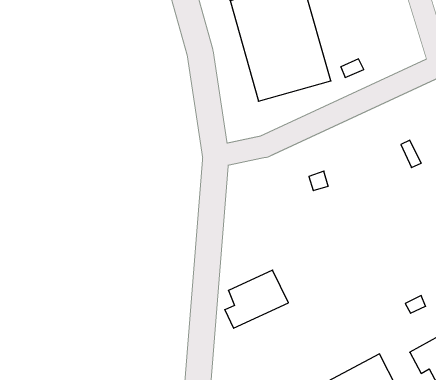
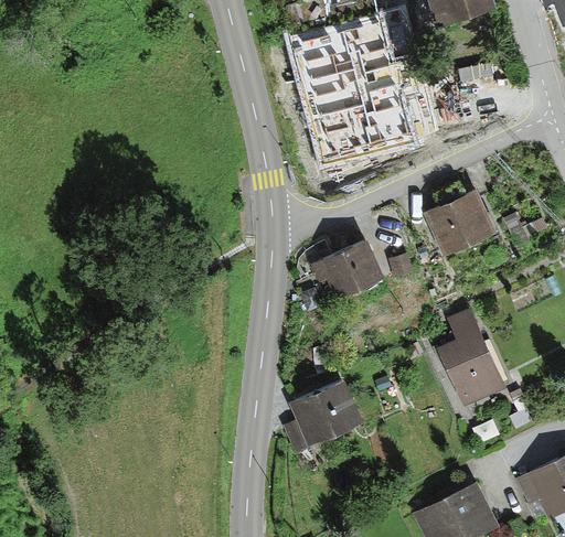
building: none -> [425,181,498,255]
building: none -> [311,237,386,299]
building: none -> [437,309,505,405]

